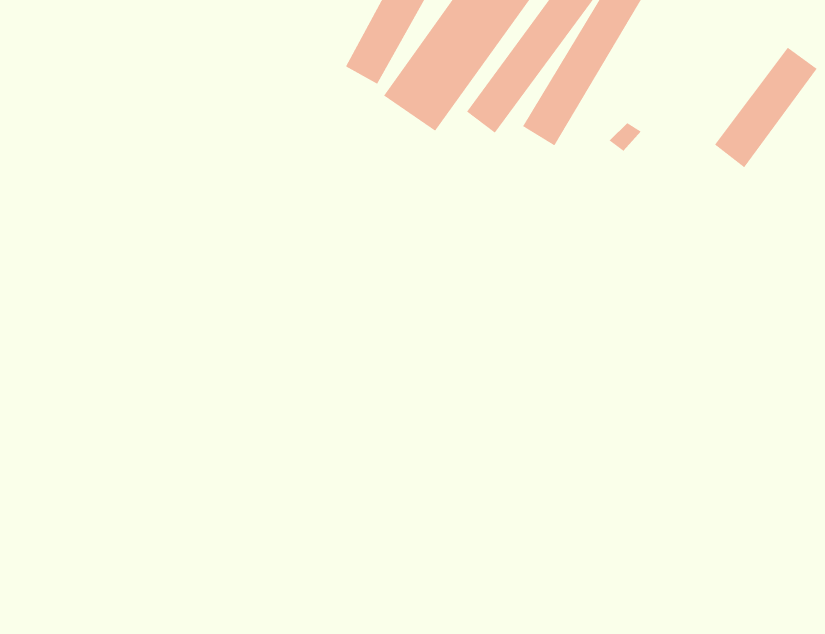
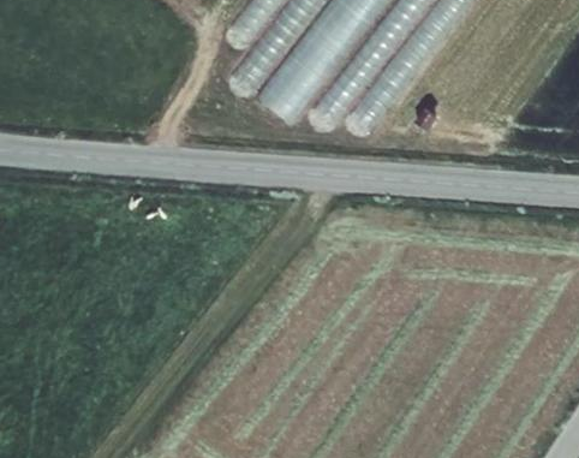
building: [714,47,817,168] -> none

